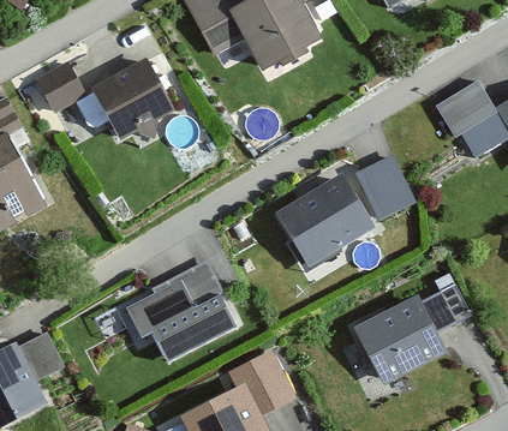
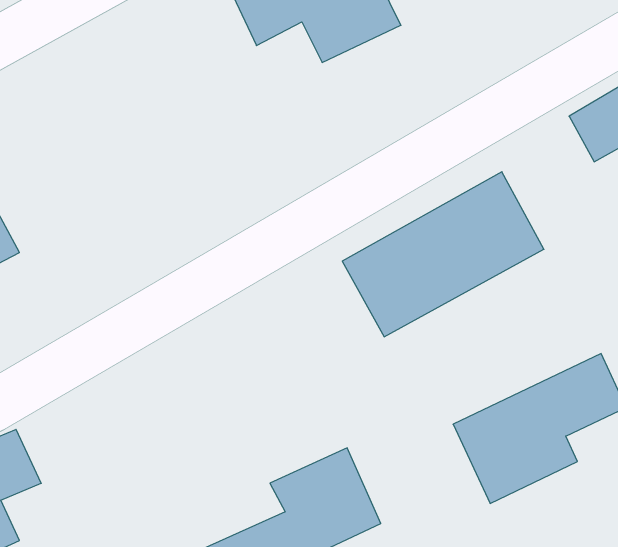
building: [86,55,173,144] -> none
building: [34,61,82,112] -> none
building: [122,261,240,364] -> none

